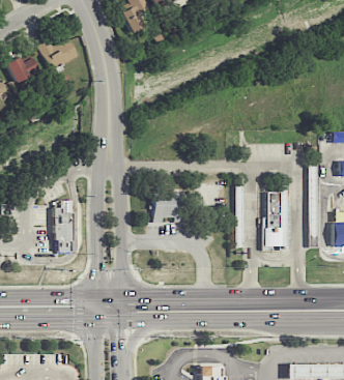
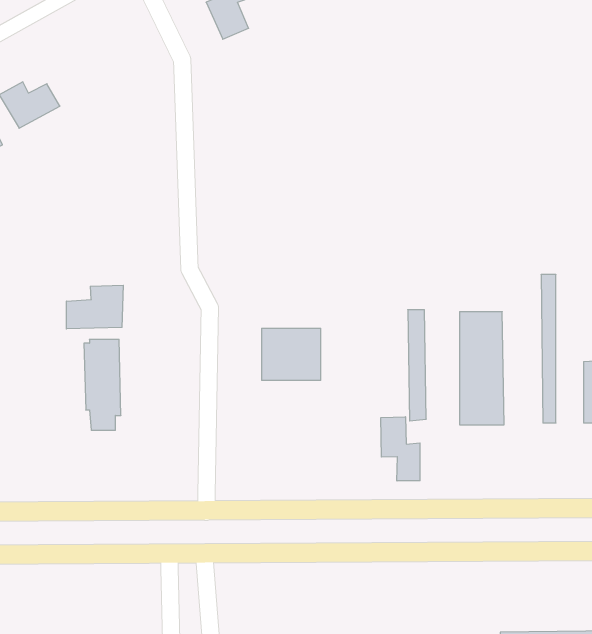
building: [38,38,78,68] -> none
building: none -> [66,285,123,329]
building: none -> [381,417,420,481]

